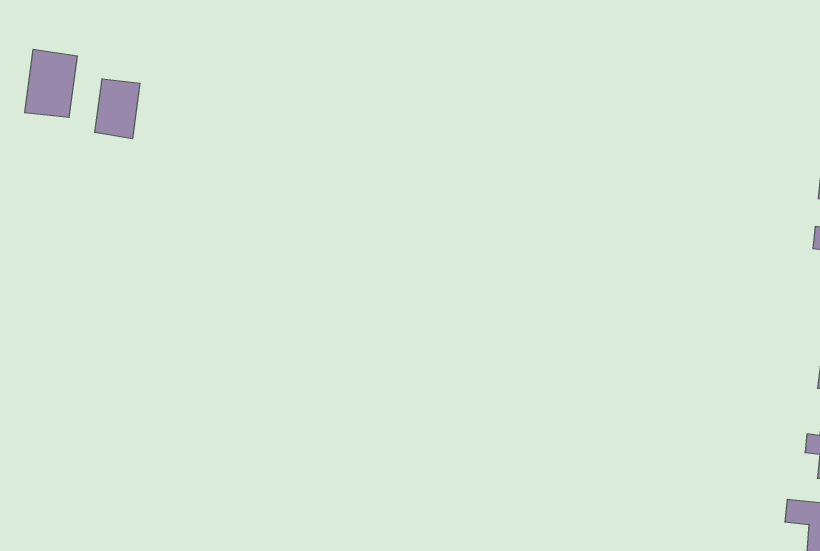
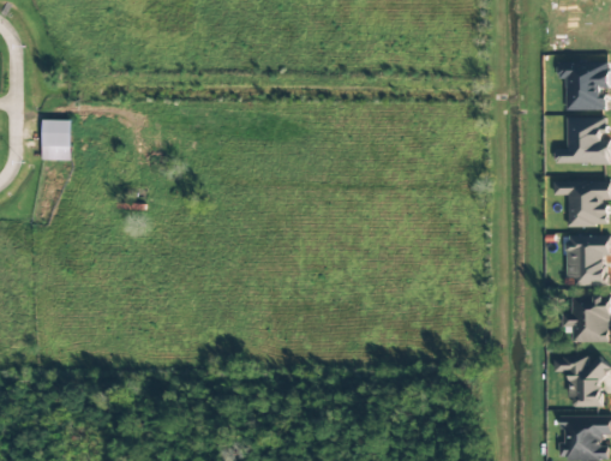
building: [95,79,140,139] -> none

